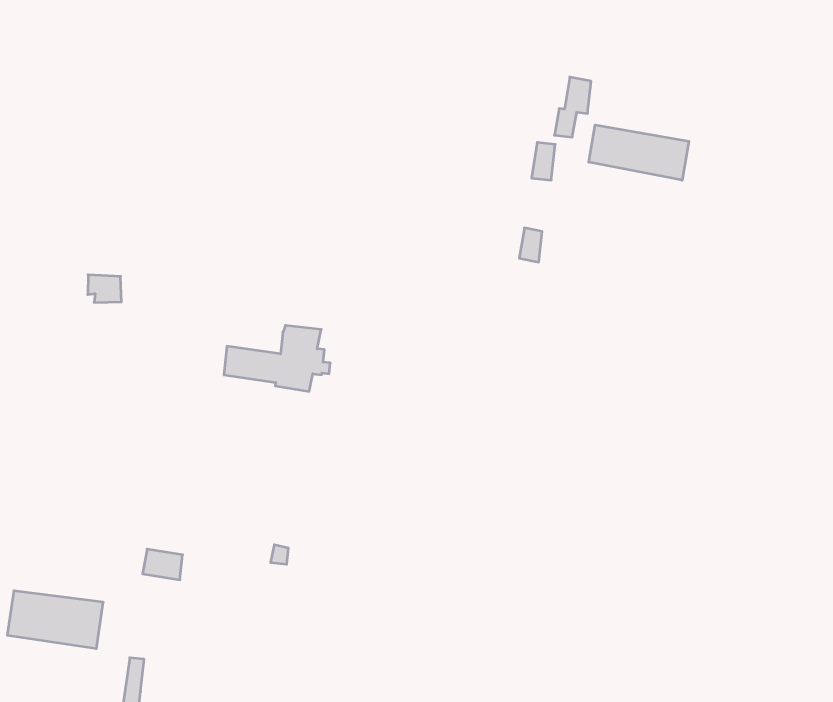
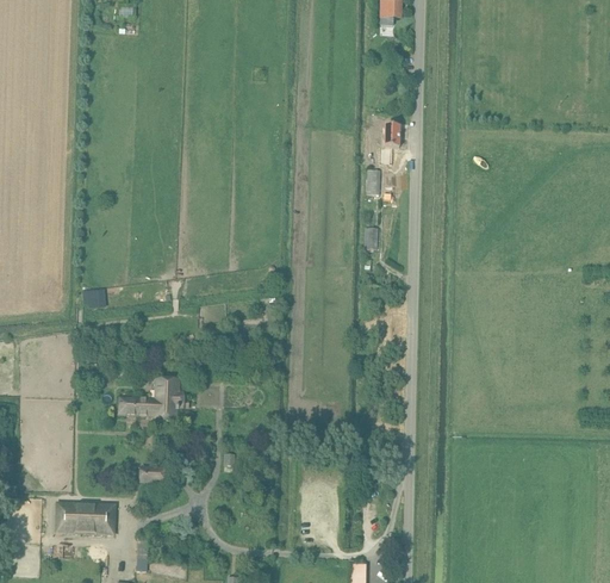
building: [589,125,689,180] -> none
building: [224,325,330,391] -> [119,378,188,420]

